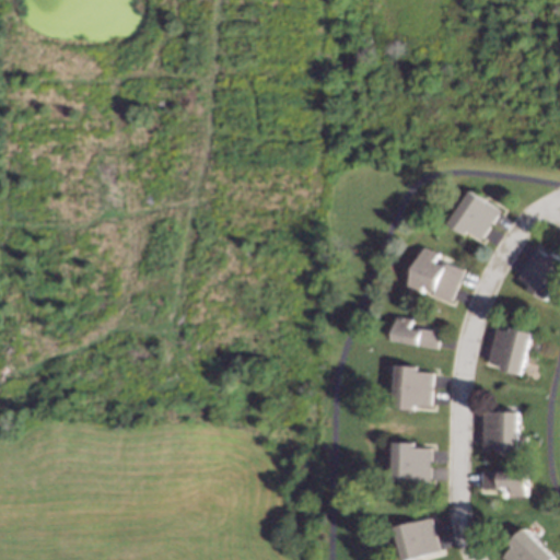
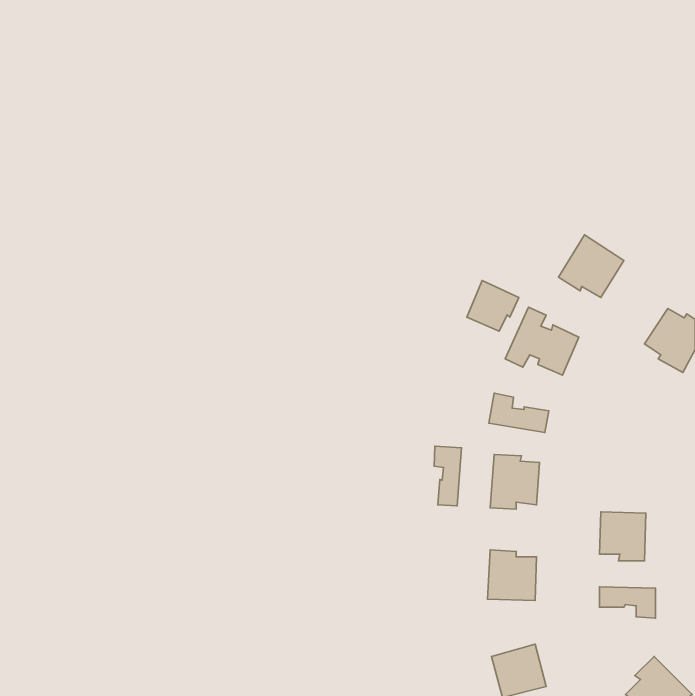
building: none -> [467,281,519,331]
building: [487,327,530,374] -> none
building: none -> [434,446,461,506]

